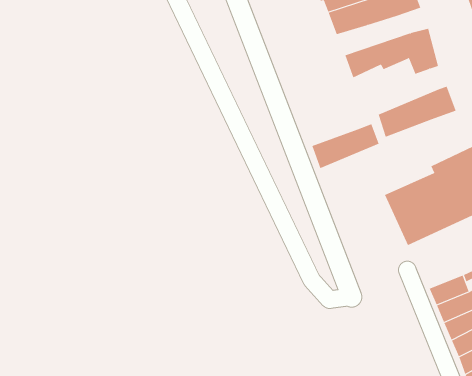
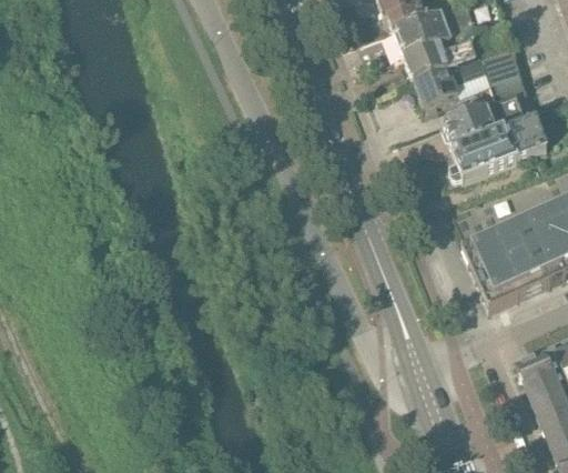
building: none -> [404,38,493,79]
building: [312,124,379,169] -> [444,95,525,150]

